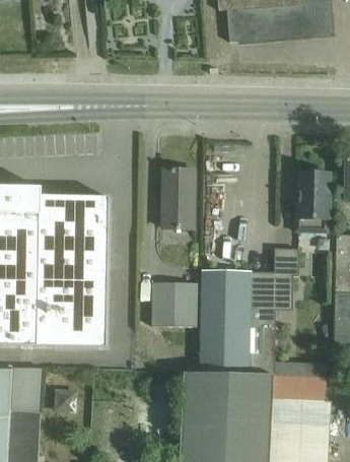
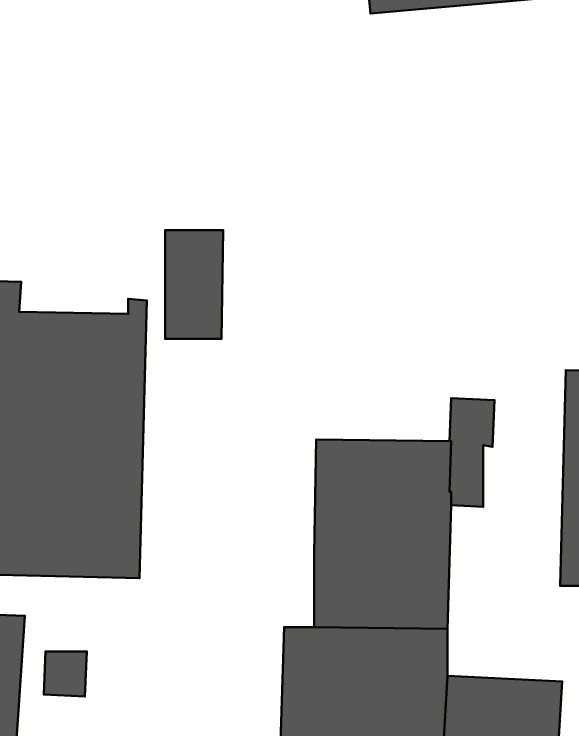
building: [162,170,194,228] -> [165,230,223,339]
building: [293,173,328,232] -> none
building: [151,283,197,327] -> none
building: [274,374,325,400] -> none

